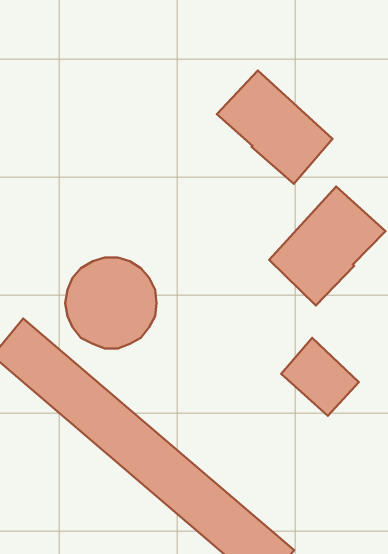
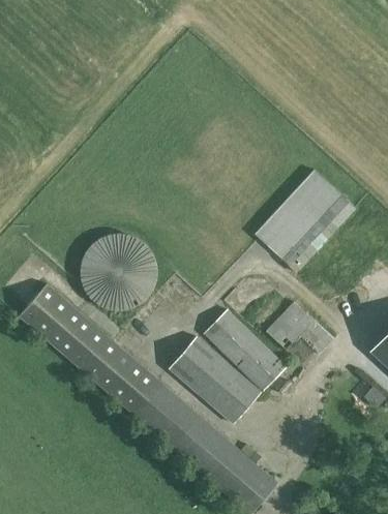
building: [217,70,332,184] -> none
building: none -> [169,308,287,424]

